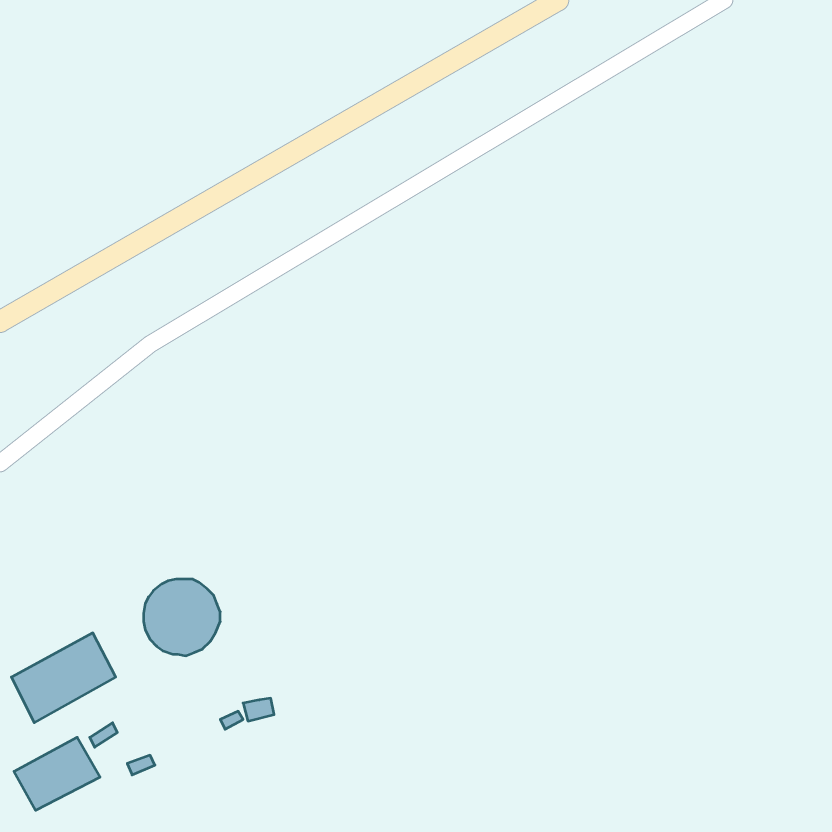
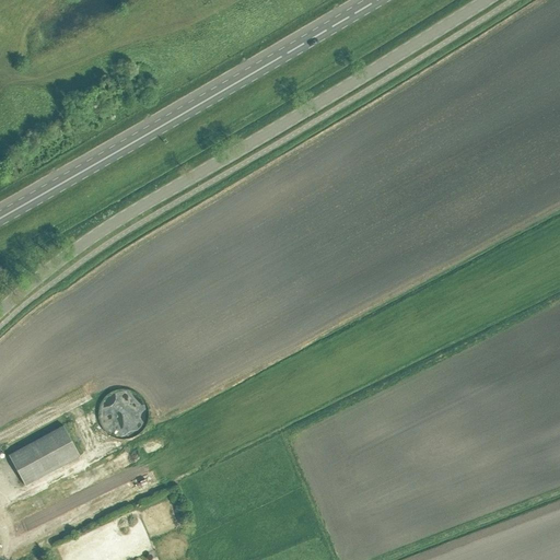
building: [14,737,100,810] -> none

